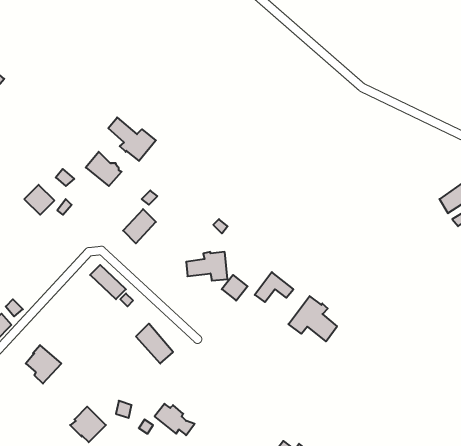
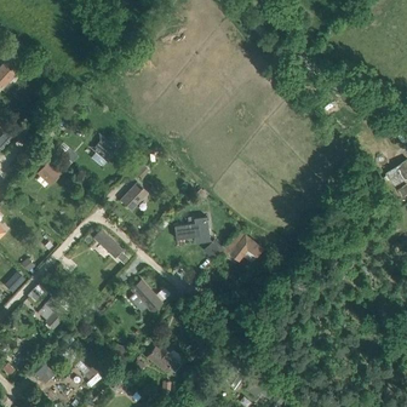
building: [108,117,156,161] -> none
building: [288,296,337,341] -> none

